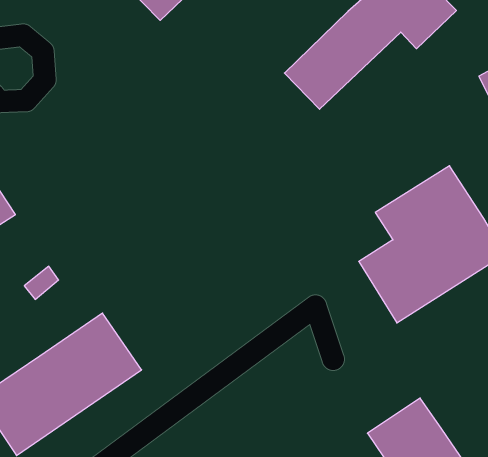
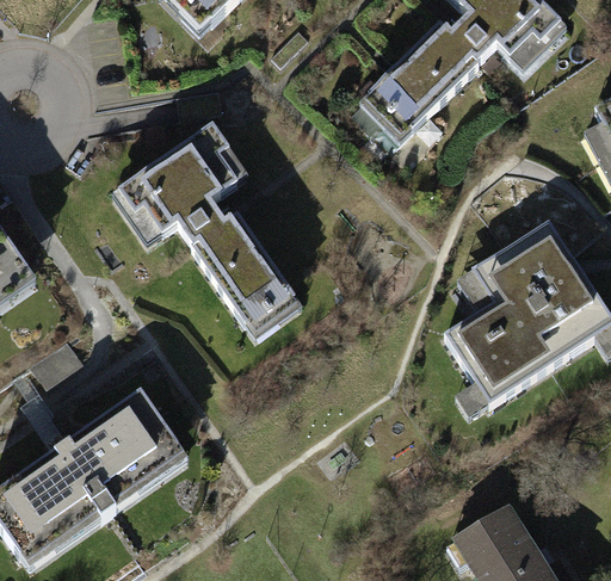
building: none -> [112,123,310,339]

